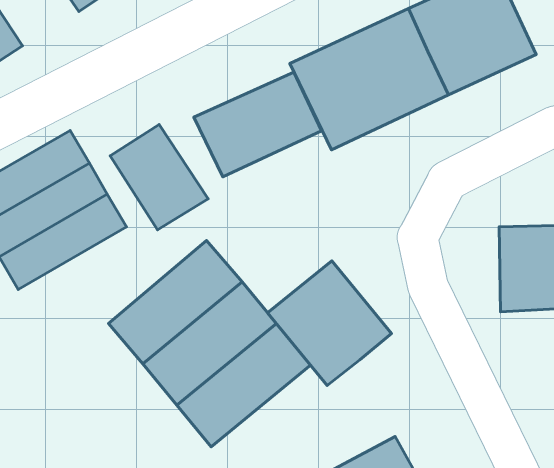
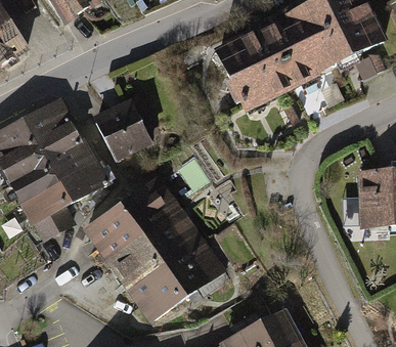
building: [194,72,321,177] -> none
building: none -> [24,168,111,232]
building: [268,261,391,385] -> none

